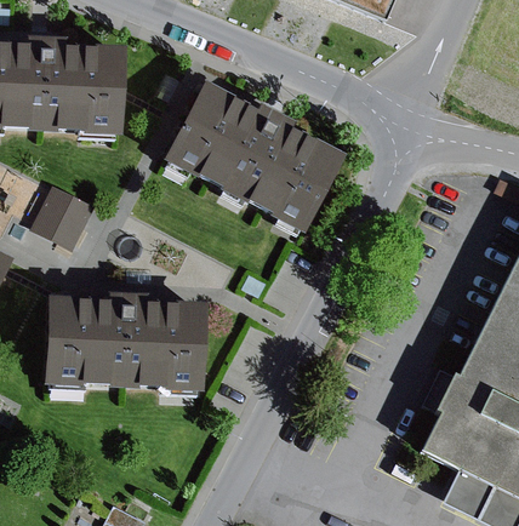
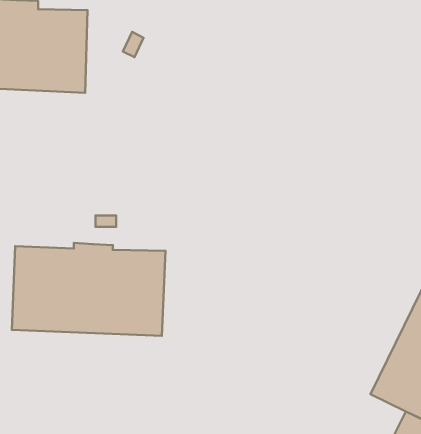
building: [160,82,344,236] -> none
building: [38,183,97,244] -> none

